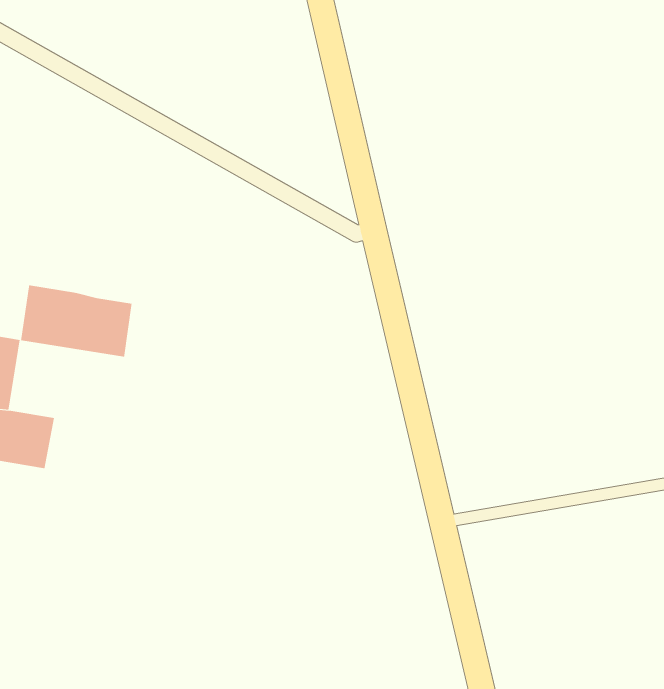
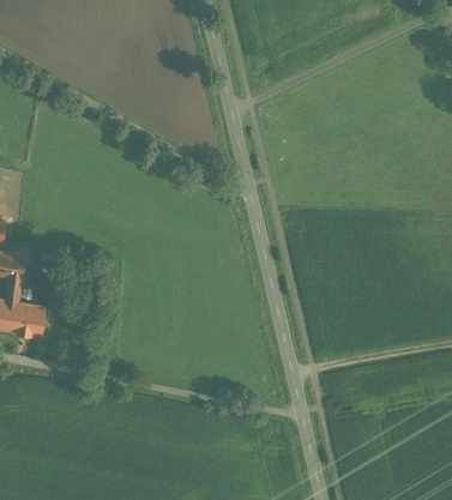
building: [20,284,132,358] -> none

